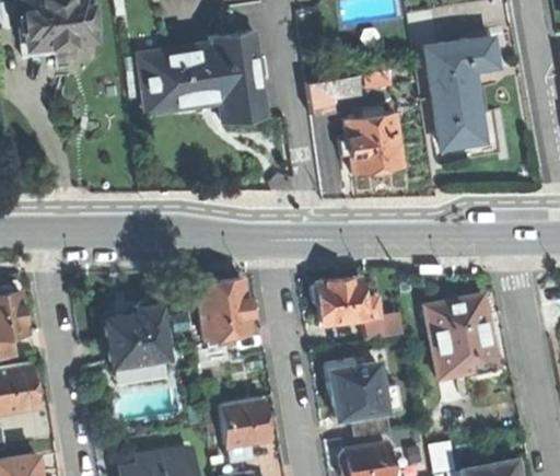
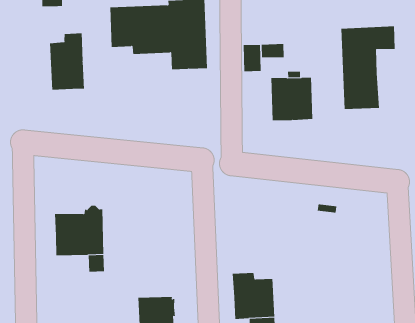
building: none -> [50,33,84,91]
building: [313,278,382,325] -> none
building: [199,280,253,349] -> none
building: [427,294,499,379] -> none

